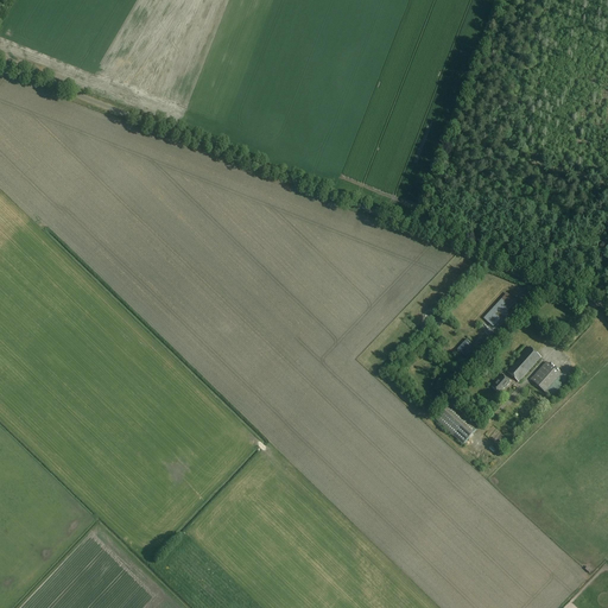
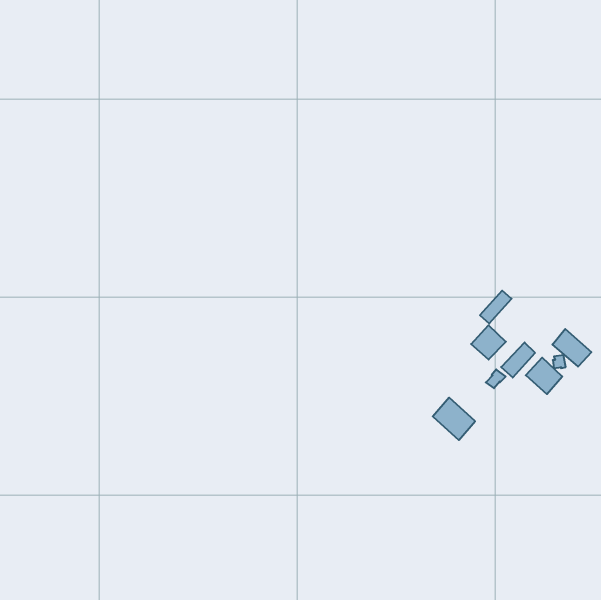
building: none -> [471,325,506,360]
building: none -> [552,329,591,367]

